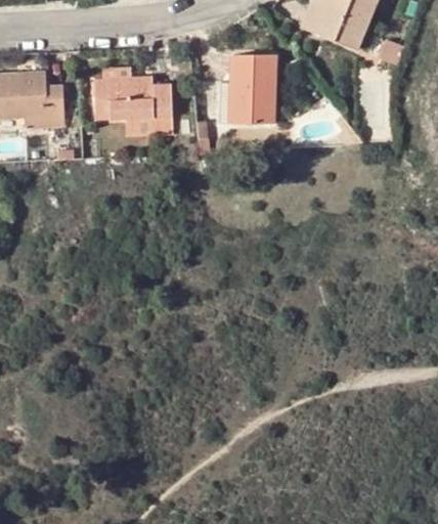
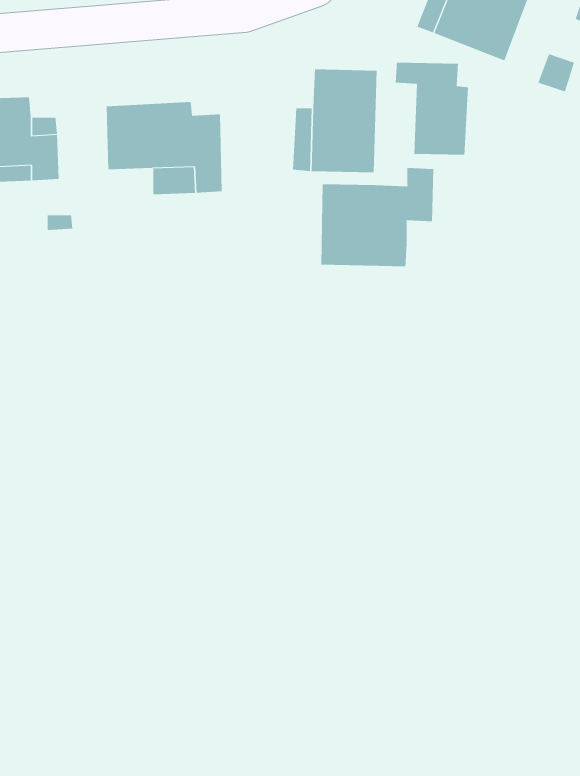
building: none -> [395,62,468,156]
building: none -> [321,167,434,267]

